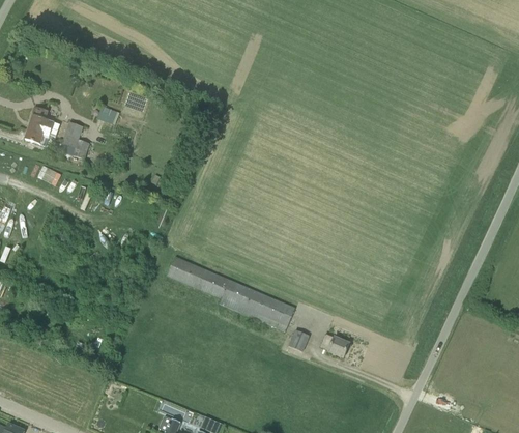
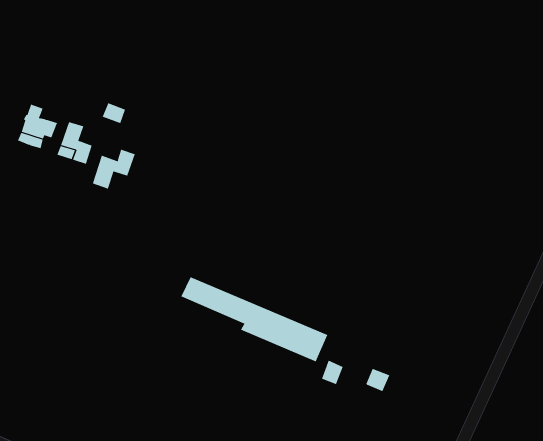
building: none -> [92,149,136,189]

